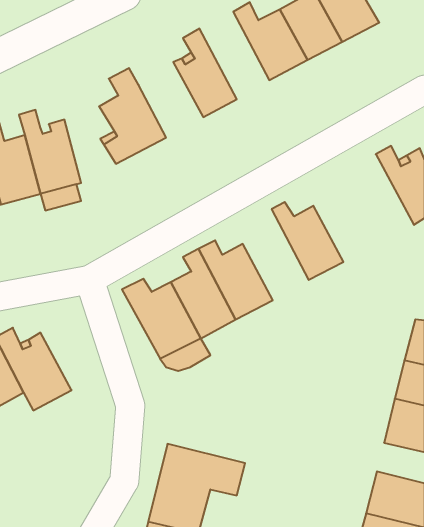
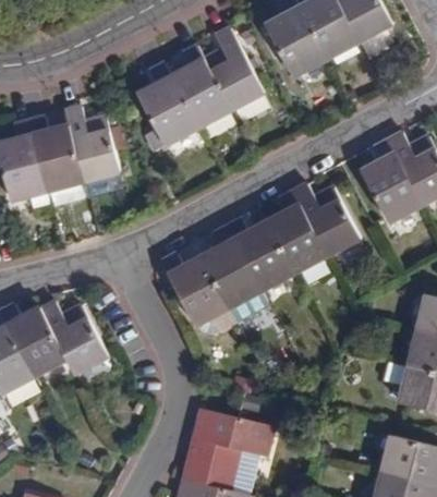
building: none -> [173,47,232,129]
building: none -> [363,144,424,226]
building: none -> [268,194,328,277]

